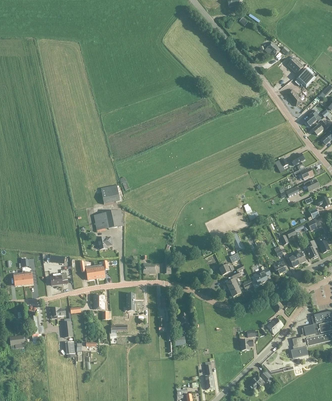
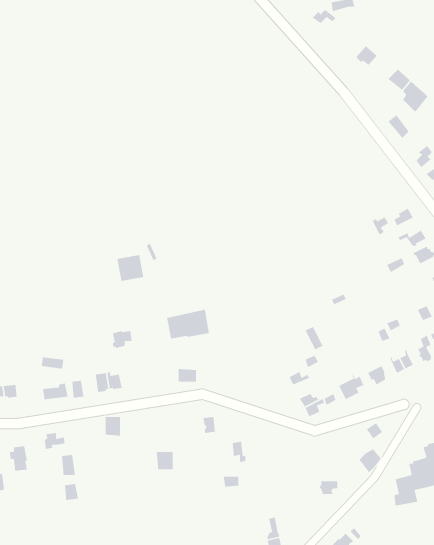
building: [92,208,122,229] -> [166,309,210,339]

